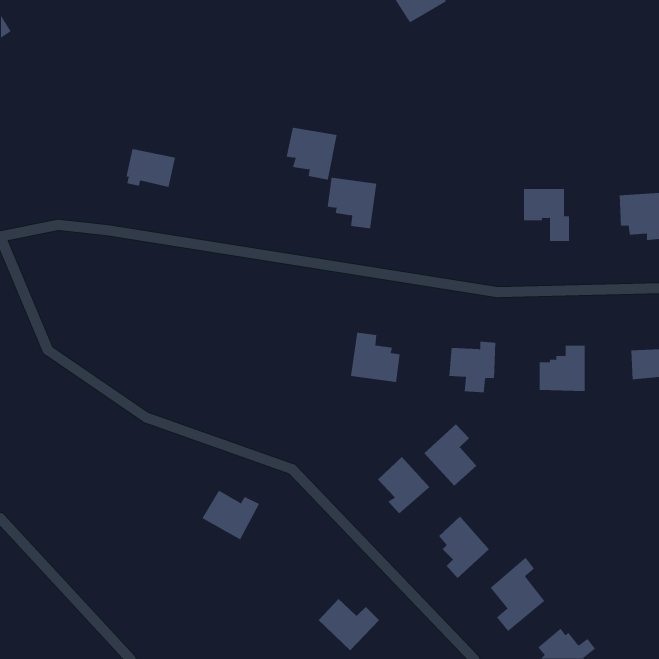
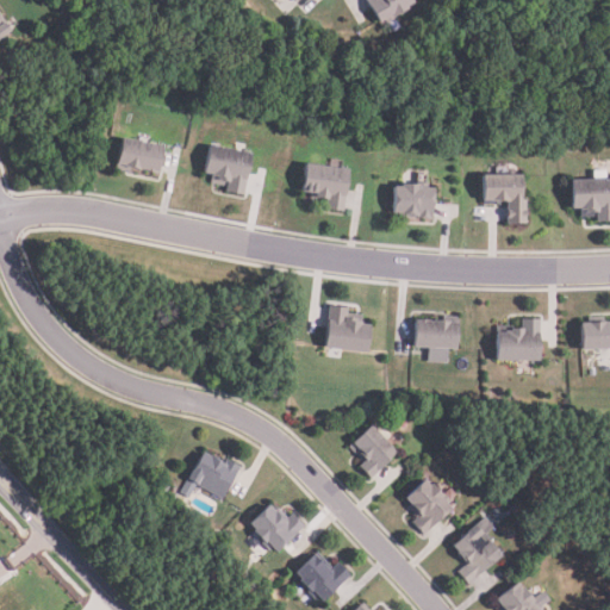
building: [286,127,337,180] -> [205,145,253,194]
building: none -> [393,183,434,218]
building: [423,424,477,487] -> none
building: none -> [249,502,306,553]

